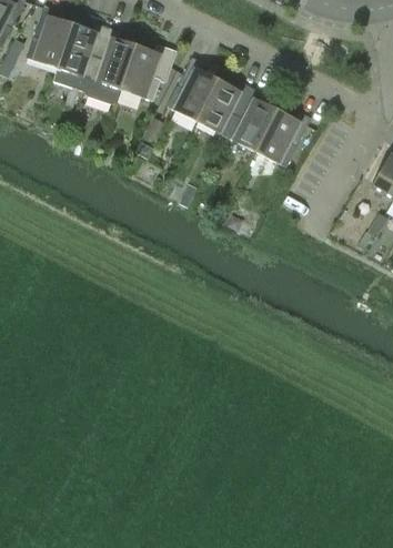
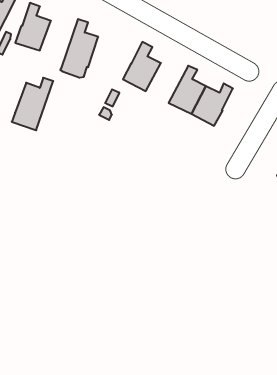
building: [53,21,108,90] -> [12,78,53,130]
building: [121,43,178,100] -> none
building: [196,80,252,135] -> none

